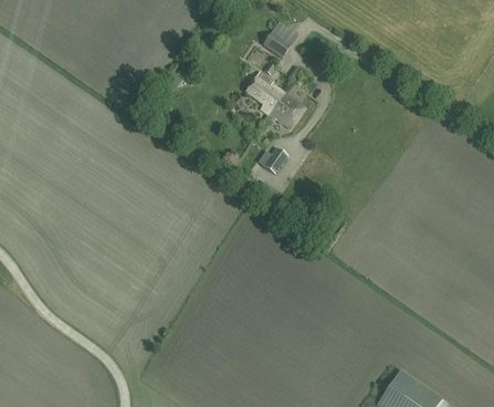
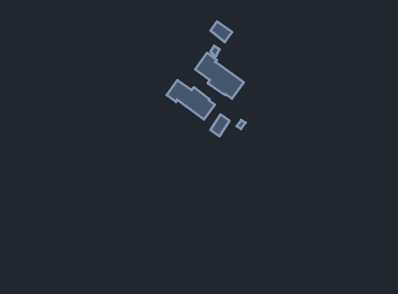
building: none -> [167,80,215,119]

